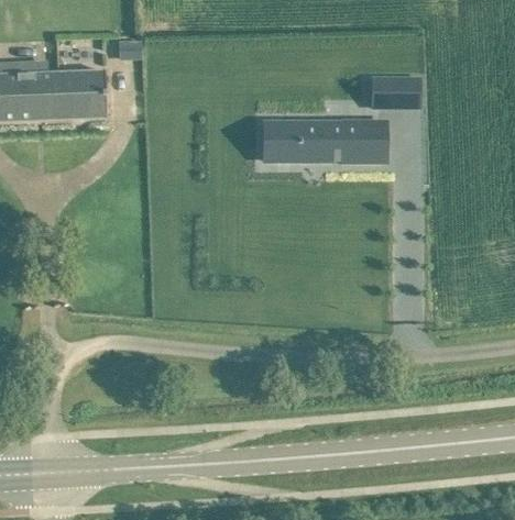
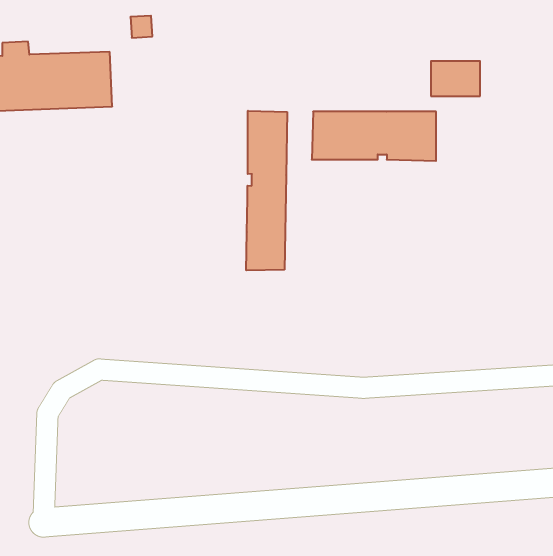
building: none -> [246,111,287,270]

